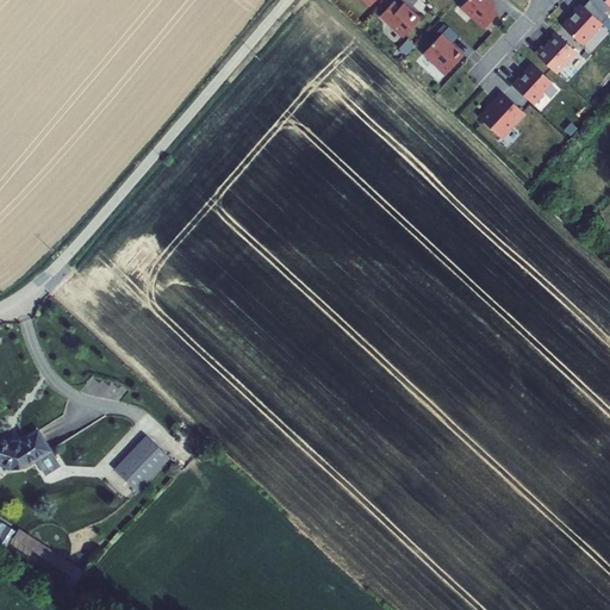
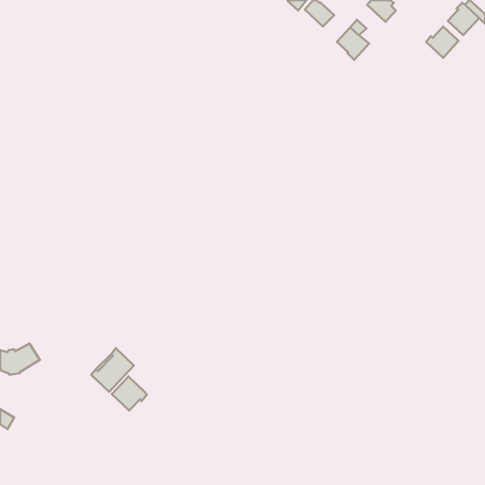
building: [511,64,552,105] -> none
building: [479,92,523,137] -> none
building: none -> [112,377,147,410]

